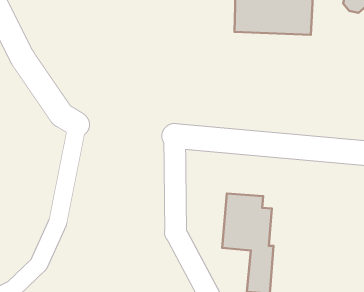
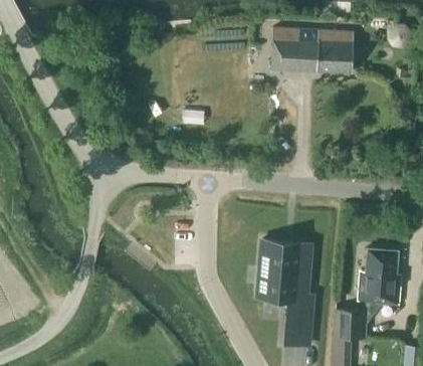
building: none -> [358,248,401,304]
building: none -> [334,310,366,337]

